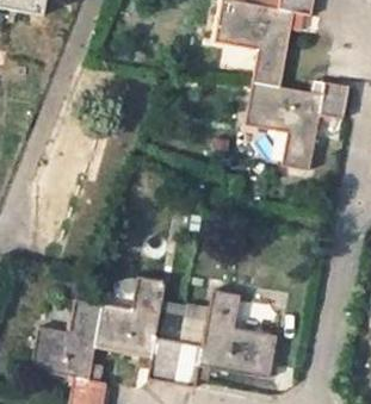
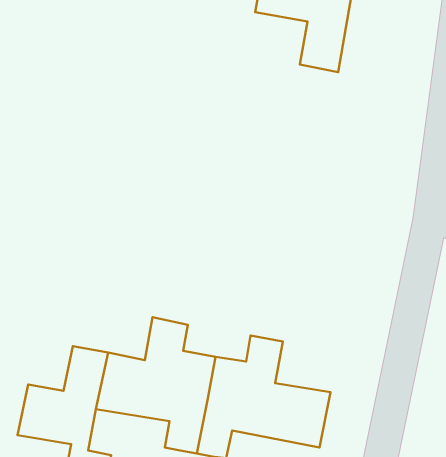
building: [242,80,347,167] -> none

